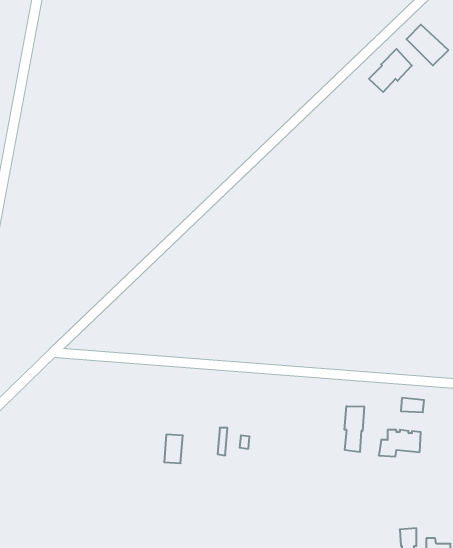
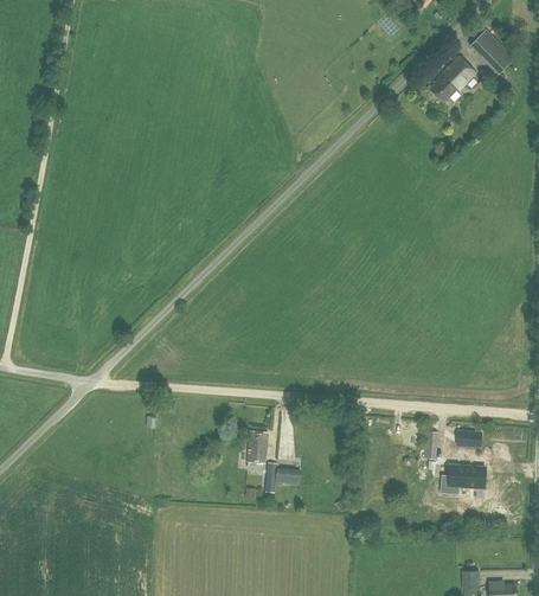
building: [344,406,364,452] -> none
building: [164,435,183,463] -> [248,430,268,461]

